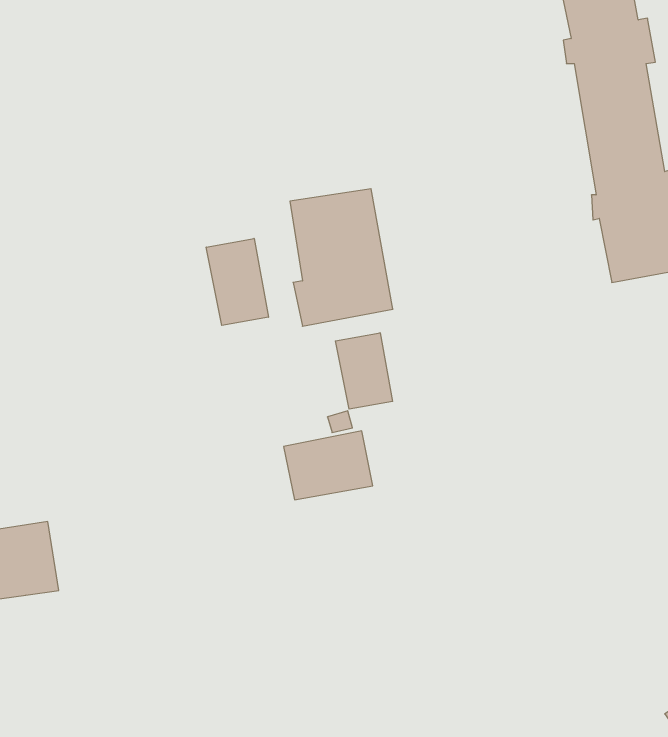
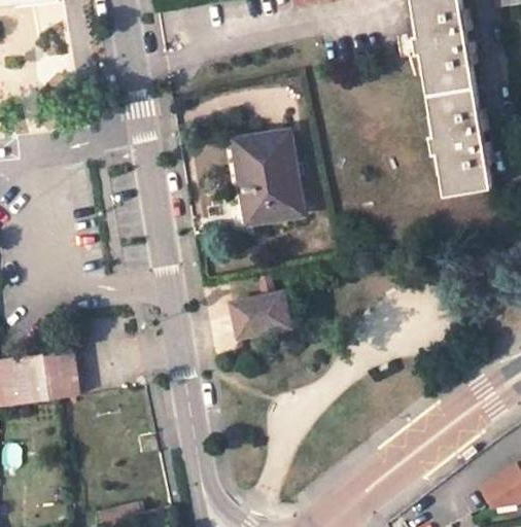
building: [206,238,268,325] -> none
building: [335,333,393,409] -> none

